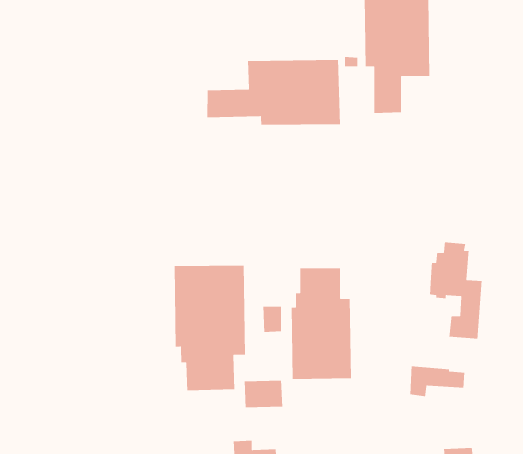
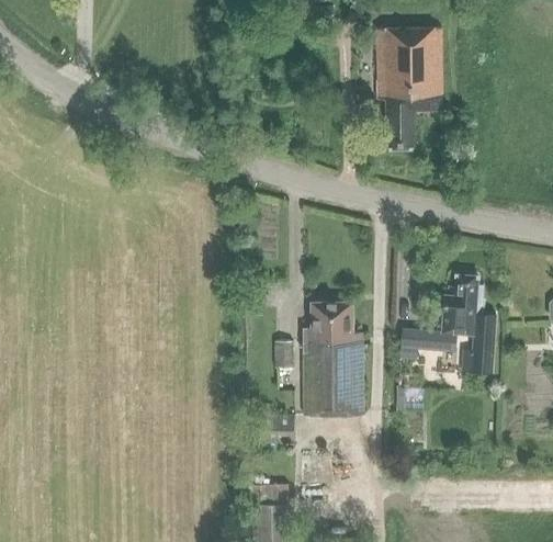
building: [206,59,341,126] -> none
building: [174,265,246,391] -> none
building: [410,366,465,397] -> [399,328,455,360]

